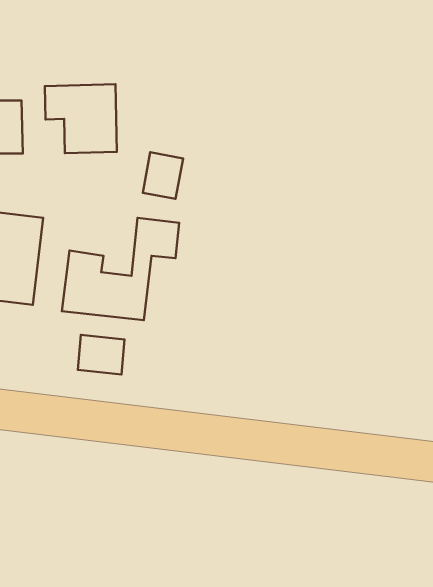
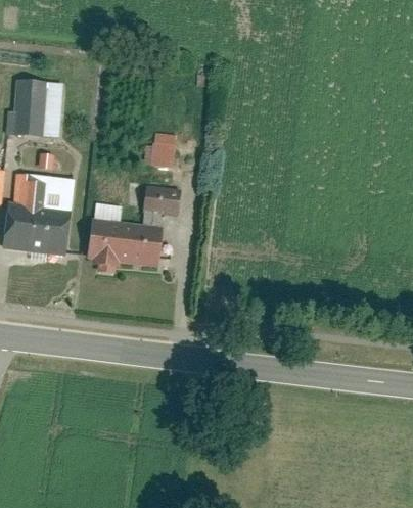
building: [45,84,117,153] -> none
building: [78,335,124,374] -> none

